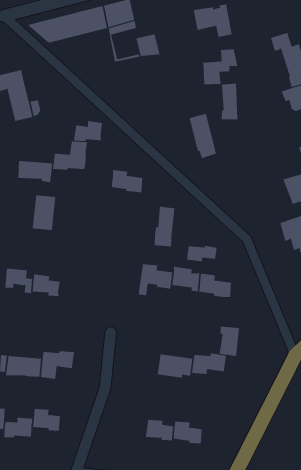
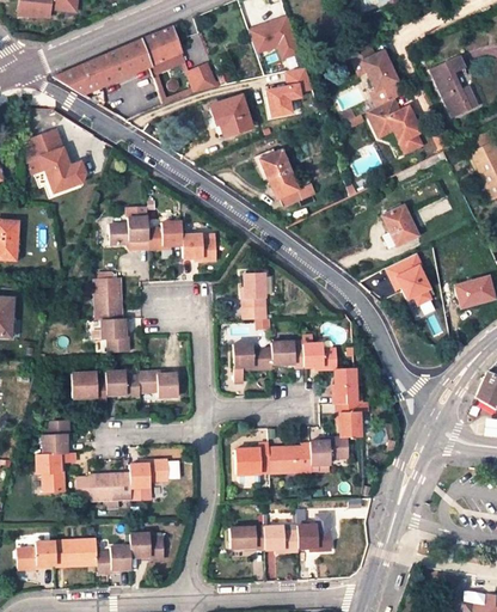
building: none -> [213,97,253,137]
building: [221,83,238,120] -> none
building: [73,121,103,142] -> [148,221,182,247]
building: [18,160,53,183] -> none
building: none -> [100,317,128,357]
building: [187,245,217,262] -> none
building: none -> [136,368,177,394]
building: none -> [331,367,355,403]
building: none -> [228,442,268,466]
building: none -> [228,526,264,546]

